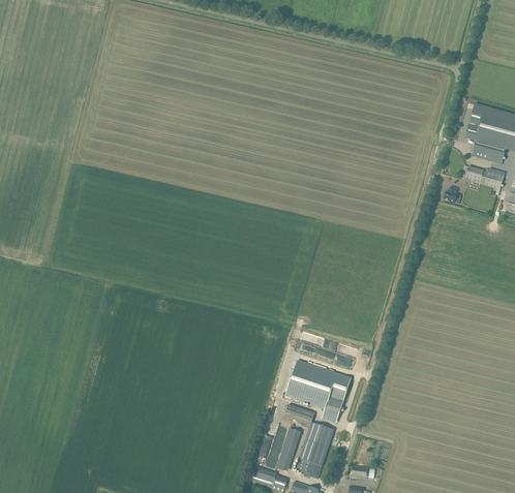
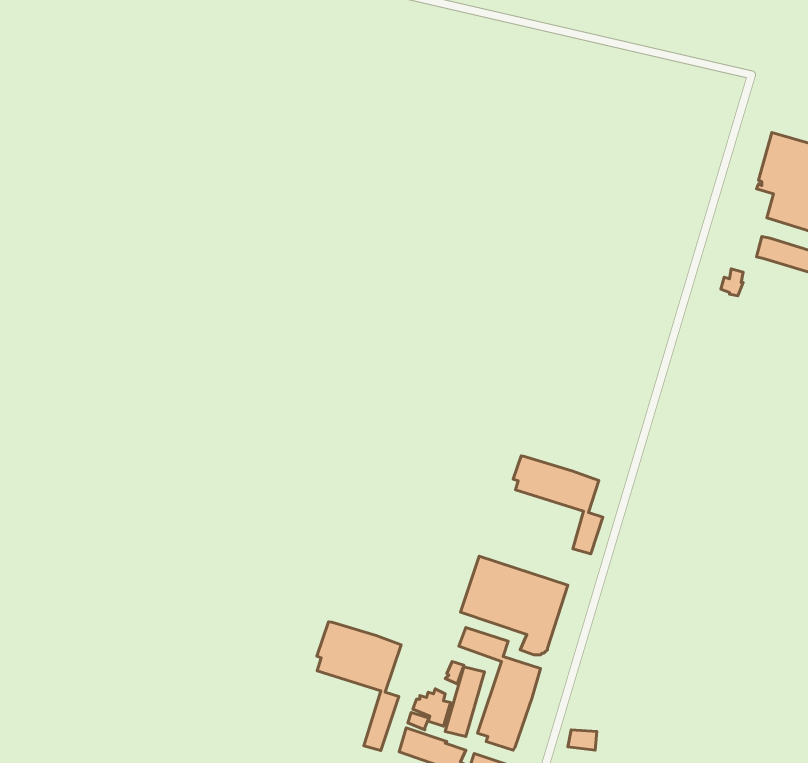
building: none -> [513,456,603,554]
building: none -> [317,622,401,750]

